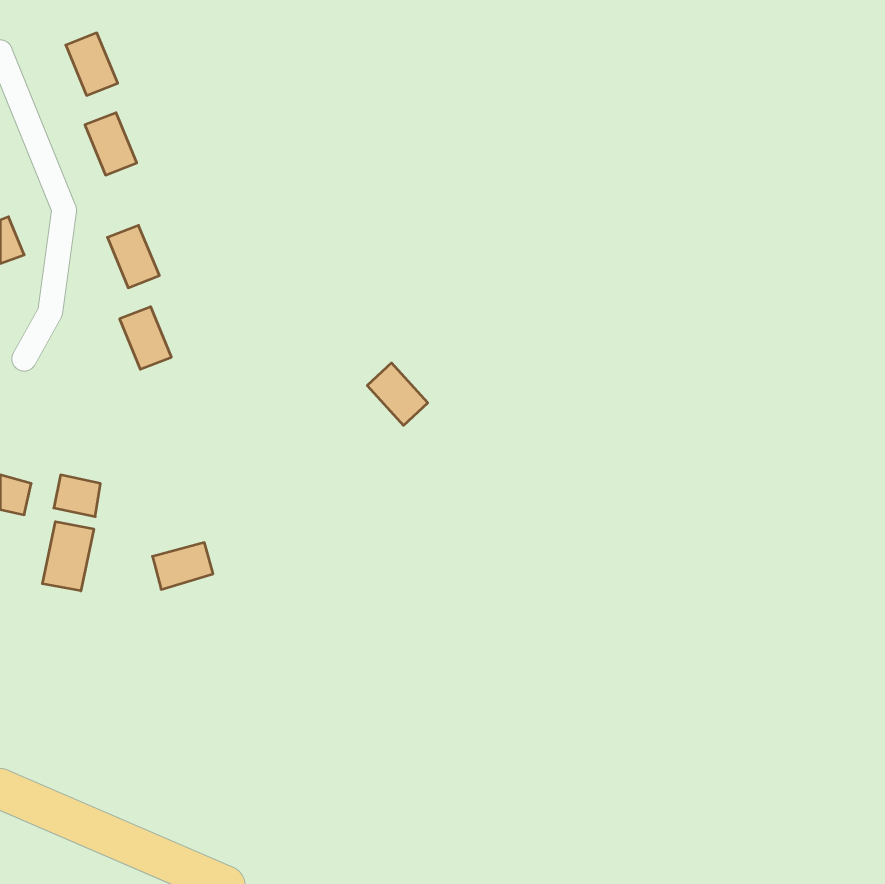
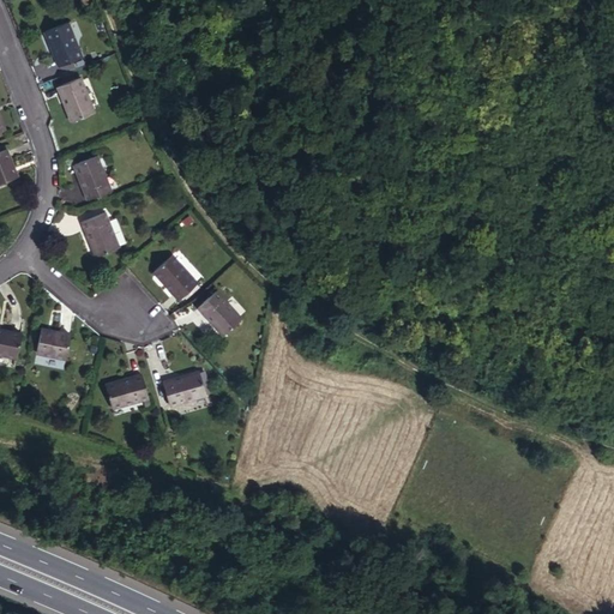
building: [367,363,428,425] -> [199,293,241,336]
building: none -> [154,257,197,301]
building: [42,522,94,591] -> none
building: none -> [163,373,205,405]

